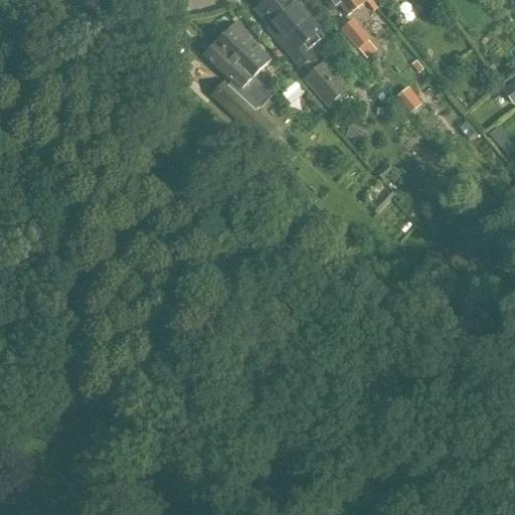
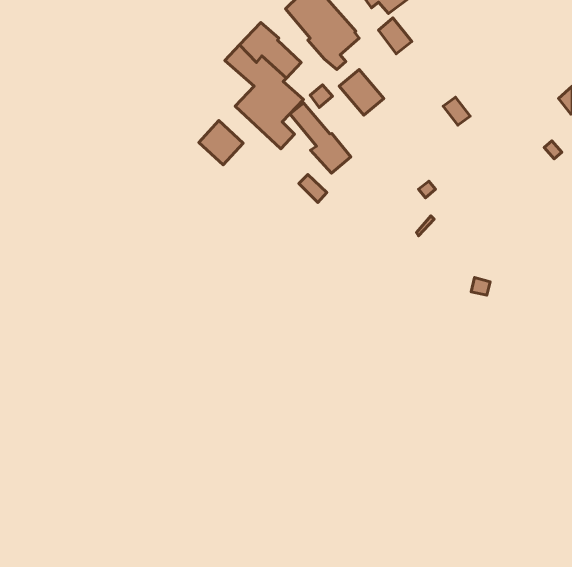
building: none -> [290,103,351,173]
building: none -> [199,121,243,165]

